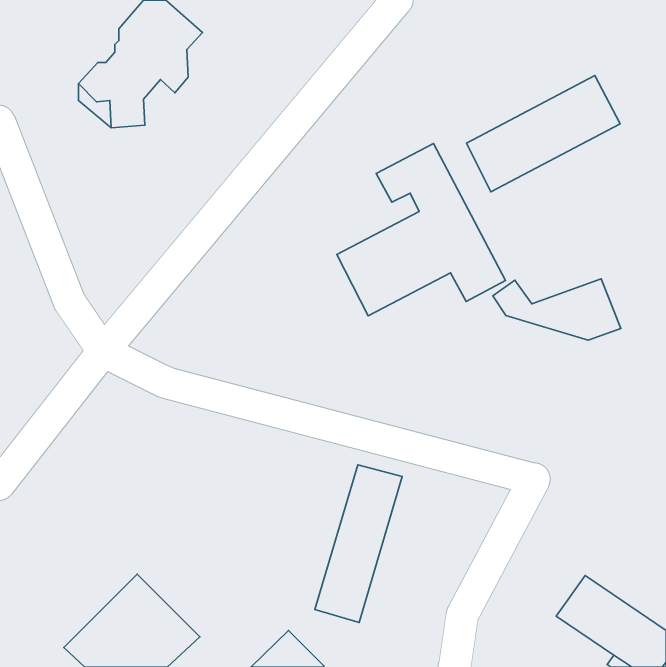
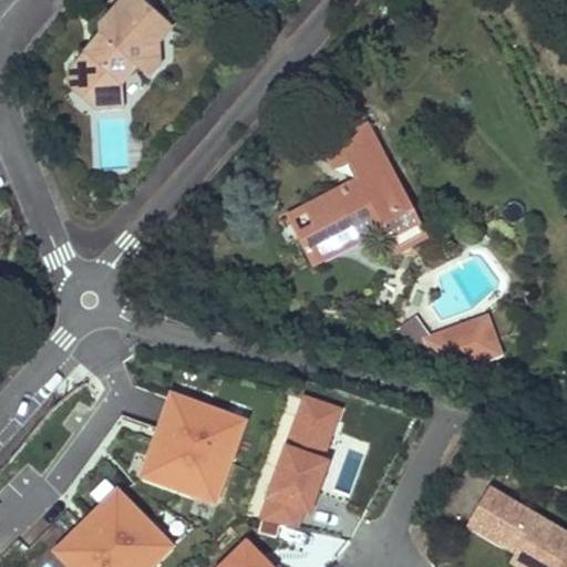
building: [467,76,620,192] -> none
building: [493,279,621,340] -> [396,316,505,368]
building: none -> [135,388,248,502]

